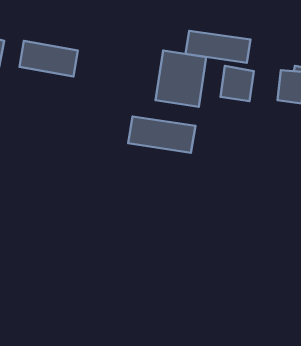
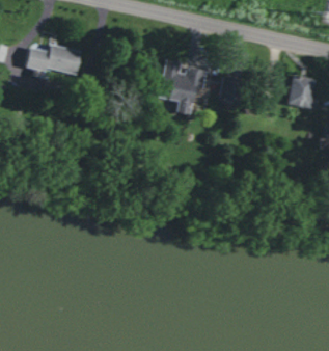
building: [185,31,251,63] -> none
building: [128,116,195,153] -> none

